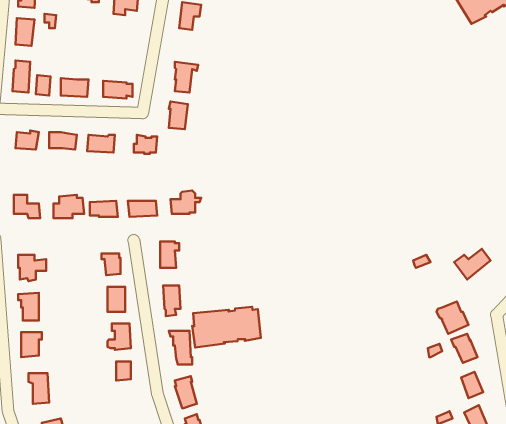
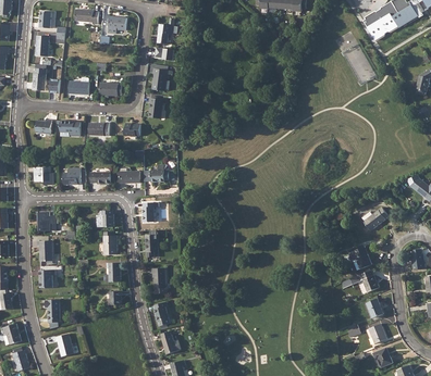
building: [192,307,261,348] -> none

